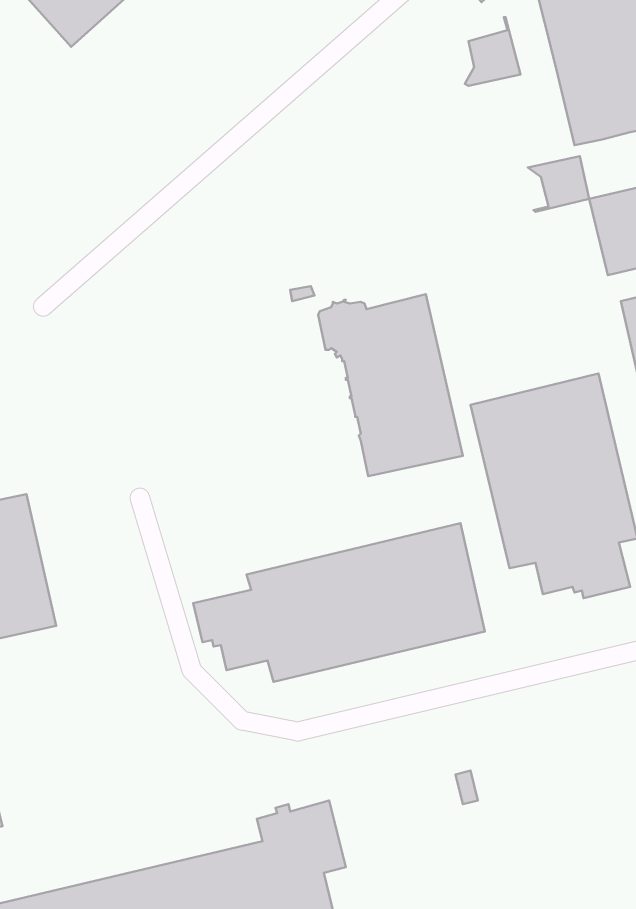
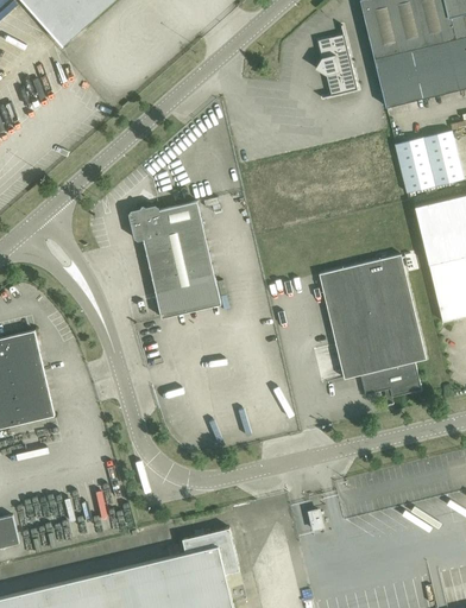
building: [528,156,589,212] -> [317,63,357,99]
building: [318,294,463,476] -> [128,201,221,317]
building: [193,523,485,682] -> none

